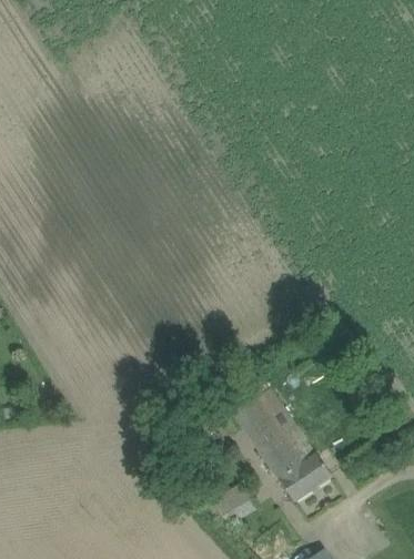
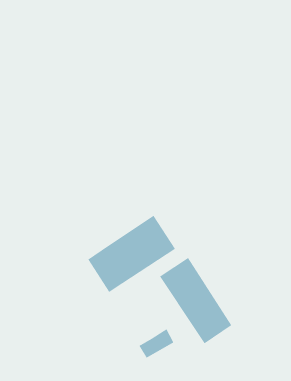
building: none -> [88,215,176,293]

